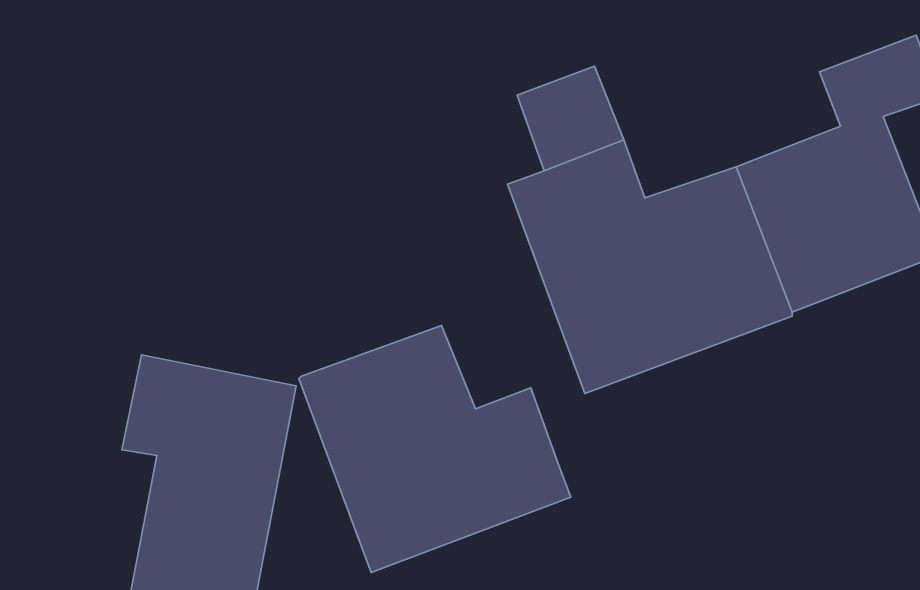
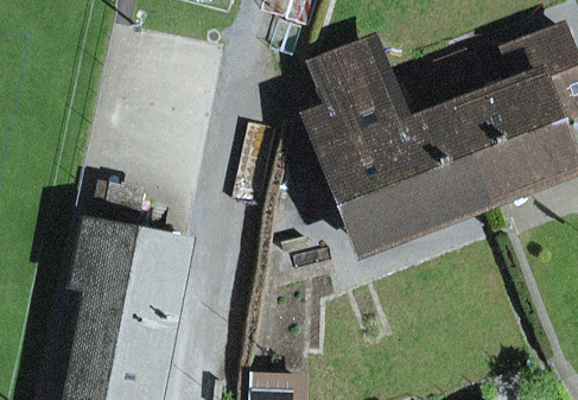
building: [299,326,571,573] -> none

